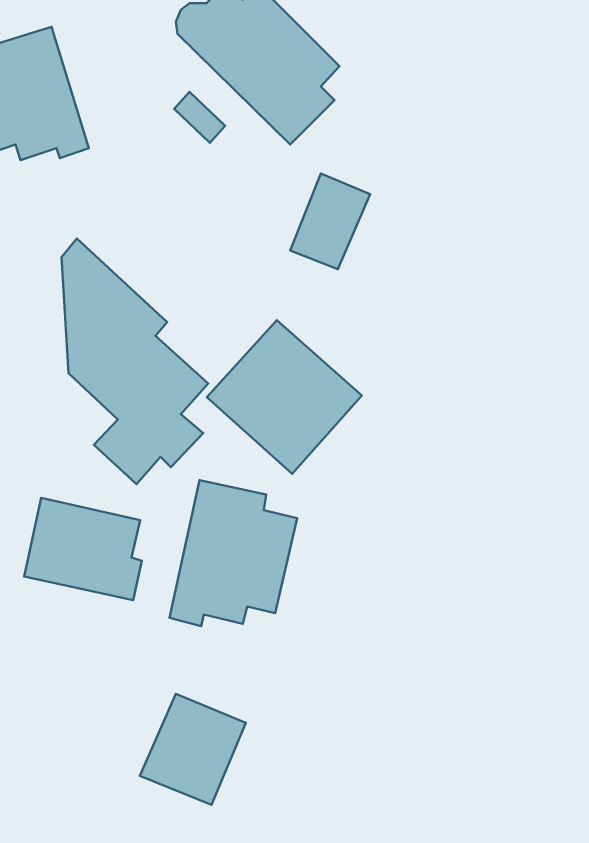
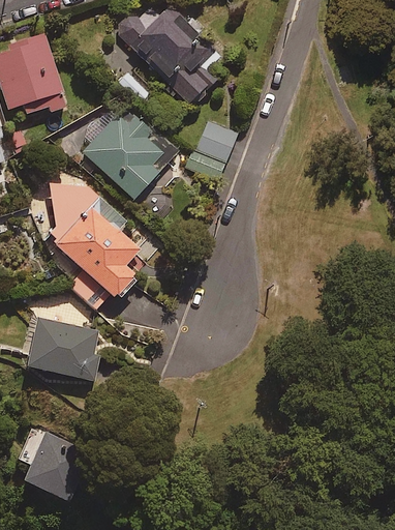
building: [207,320,362,474] -> [83,106,177,199]
building: [169,480,297,626] -> none
building: [140,694,246,805] -> [26,432,90,499]

